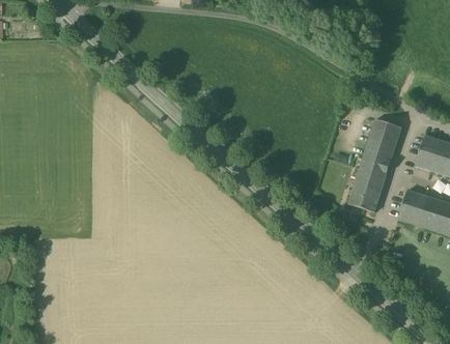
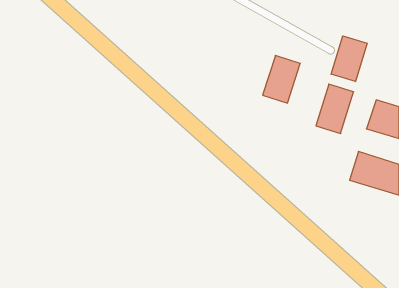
building: none -> [331,36,367,82]
building: [348,162,388,211] -> [263,55,300,103]

